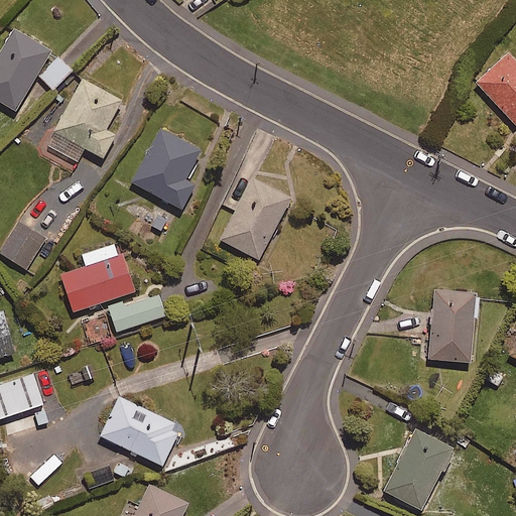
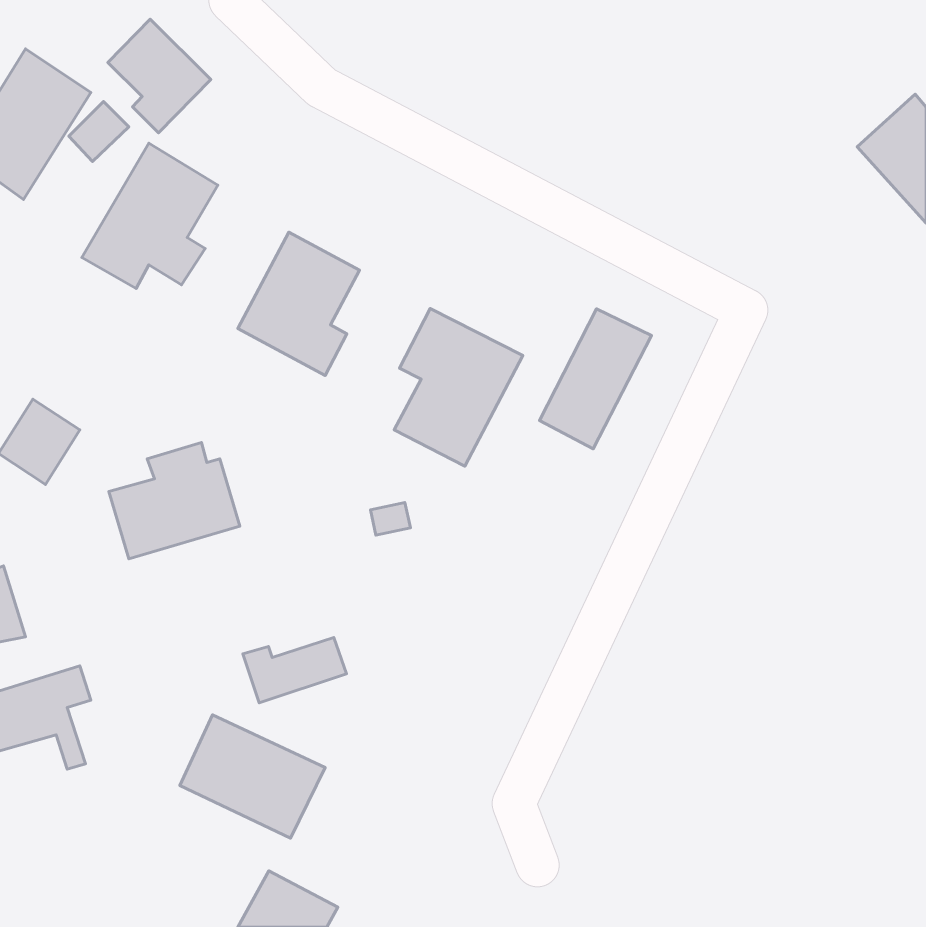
building: none -> [108,19,211,133]
building: none -> [539,309,651,449]
building: [428,289,480,362] -> none
building: [107,295,164,332] -> [243,638,346,703]
building: [384,428,458,510] -> none

